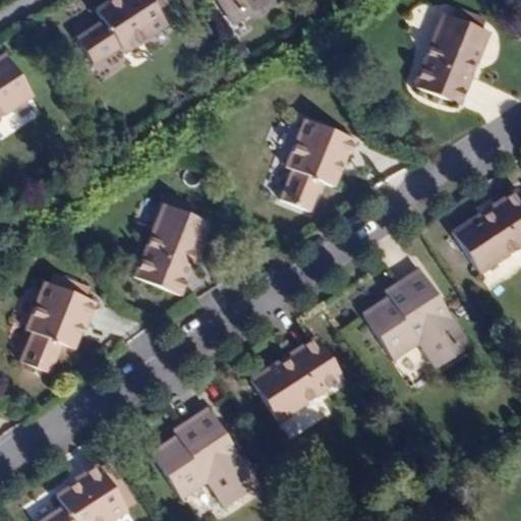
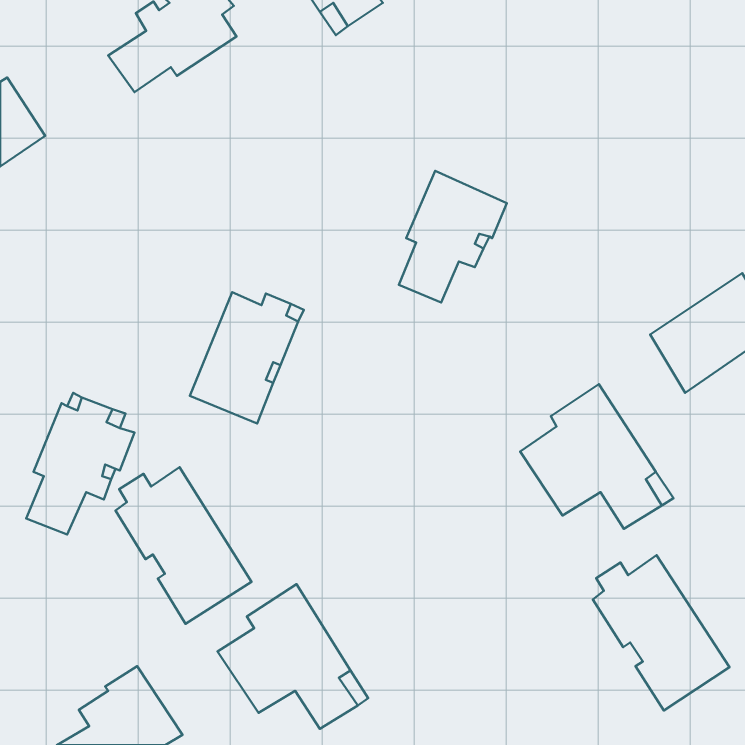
building: [412,6,488,105] -> none
building: none -> [115,467,252,624]
building: [252,338,343,420] -> none
building: none -> [593,555,729,710]

